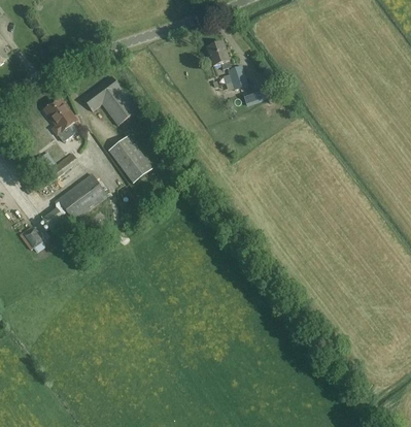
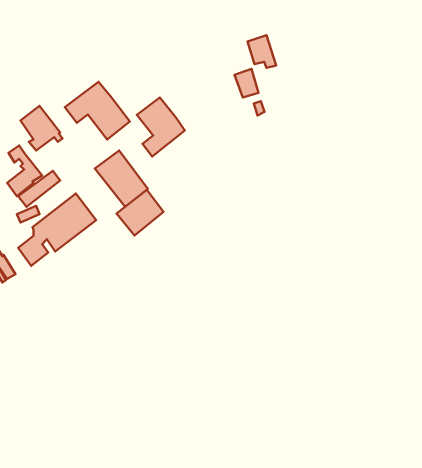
building: [206,41,231,69] -> [247,35,276,68]
building: none -> [137,97,185,156]
building: none -> [117,190,164,236]

